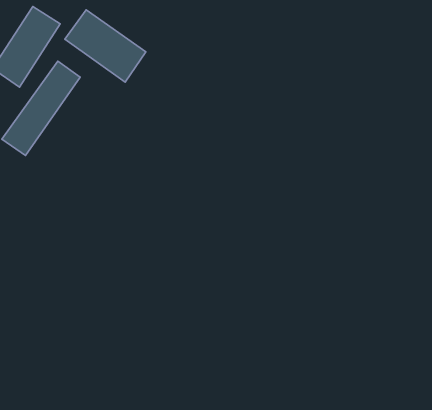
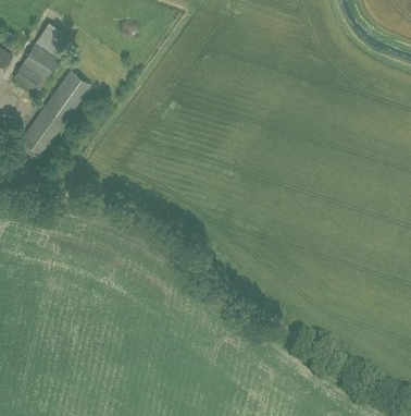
building: [65,10,146,82] -> none

